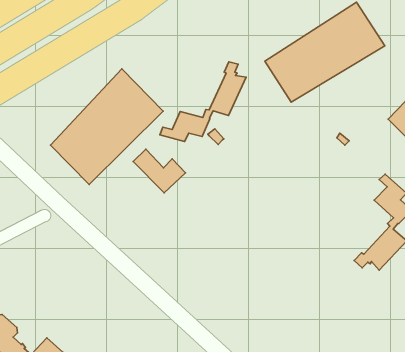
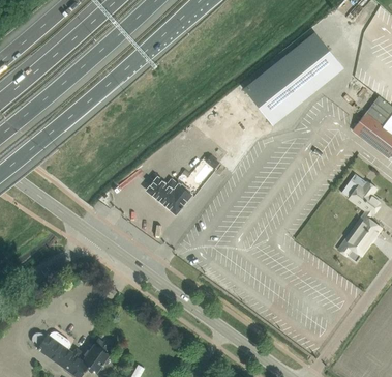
building: [160,62,246,142] -> none
building: [50,69,163,184] -> none

